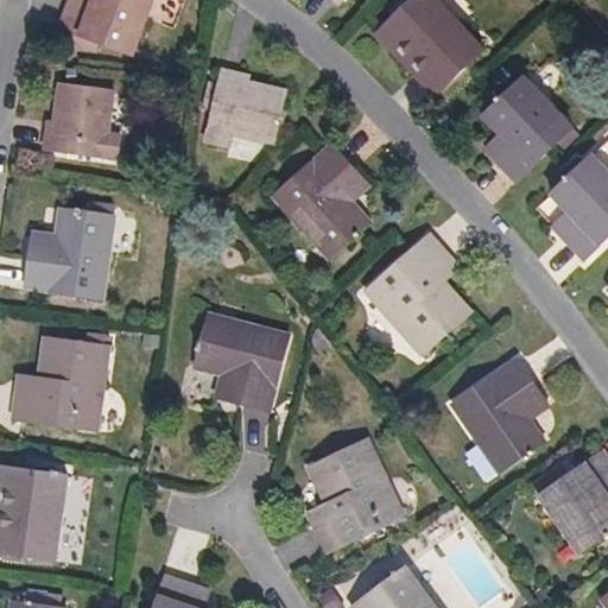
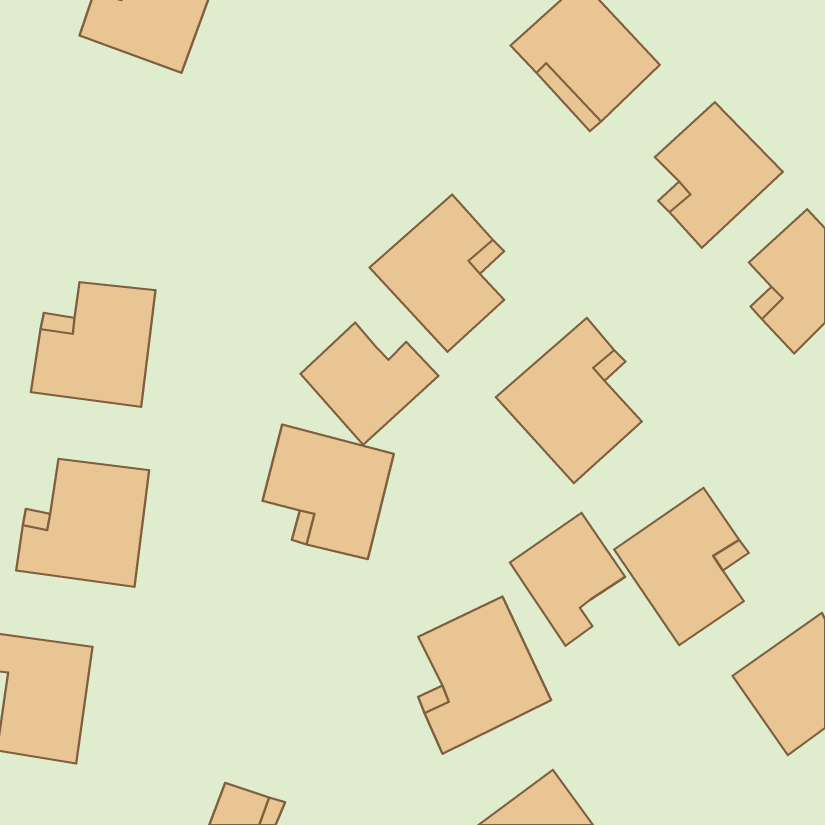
building: [203,68,285,146] -> none
building: [42,82,120,158] -> none
building: none -> [300,323,438,445]
building: none -> [510,513,625,646]

